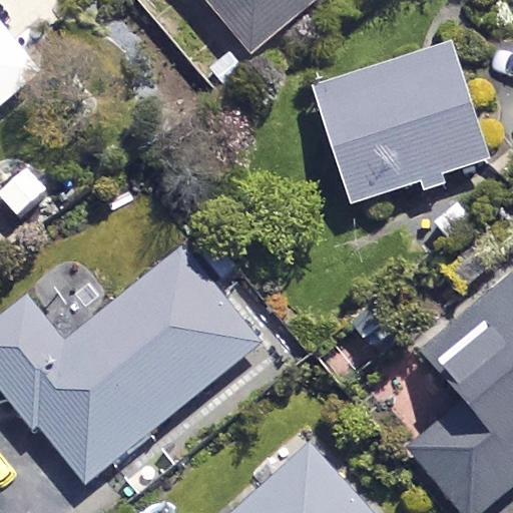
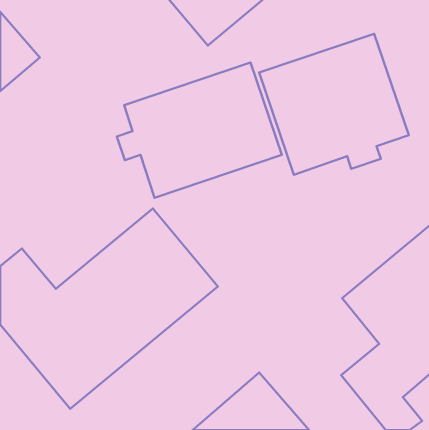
building: none -> [117,62,282,198]

